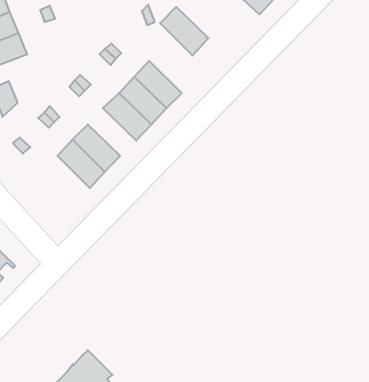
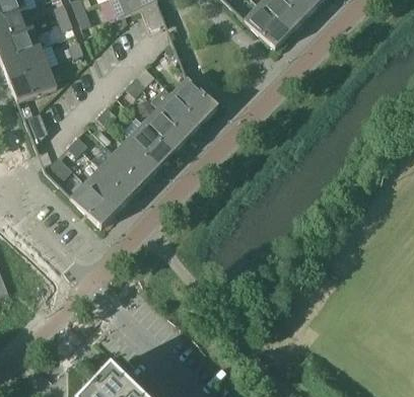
building: [160,7,209,56] -> [171,75,217,121]
building: none -> [114,135,159,179]
building: none -> [70,179,116,224]

